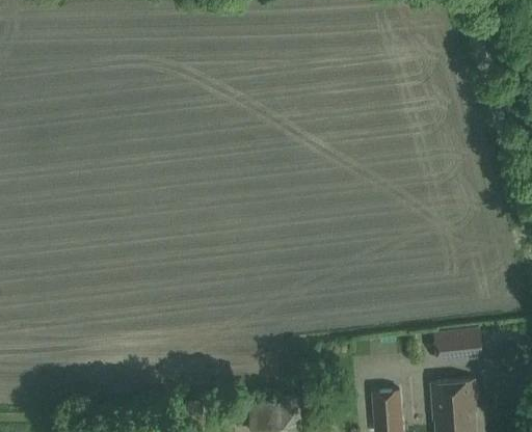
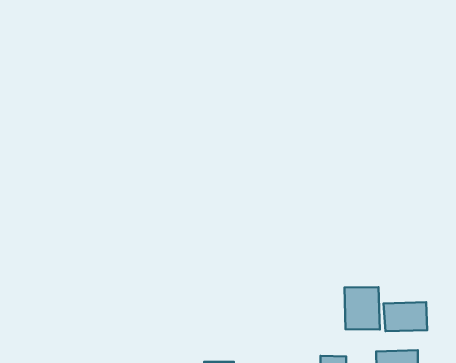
building: none -> [344,287,380,330]

